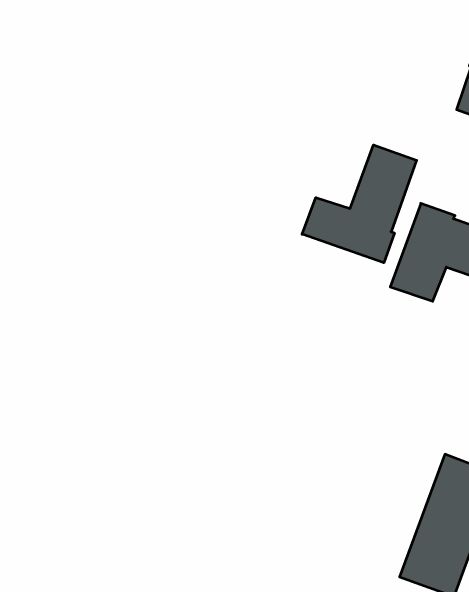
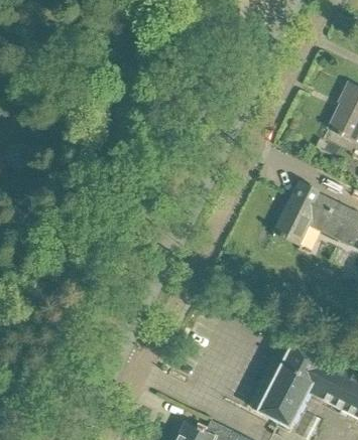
building: [302,145,417,263] -> none

